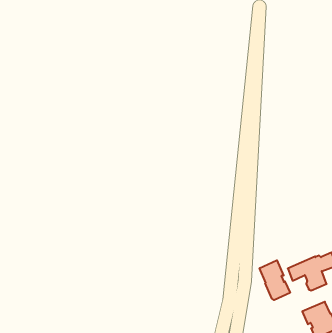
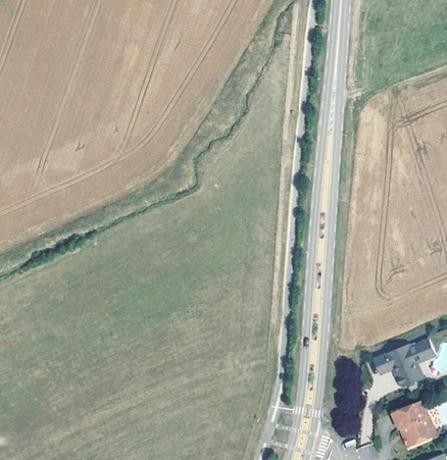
building: [260,260,290,300] -> none

